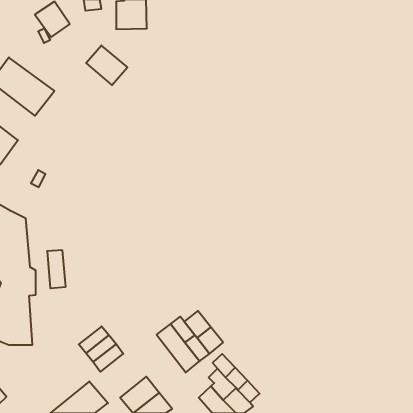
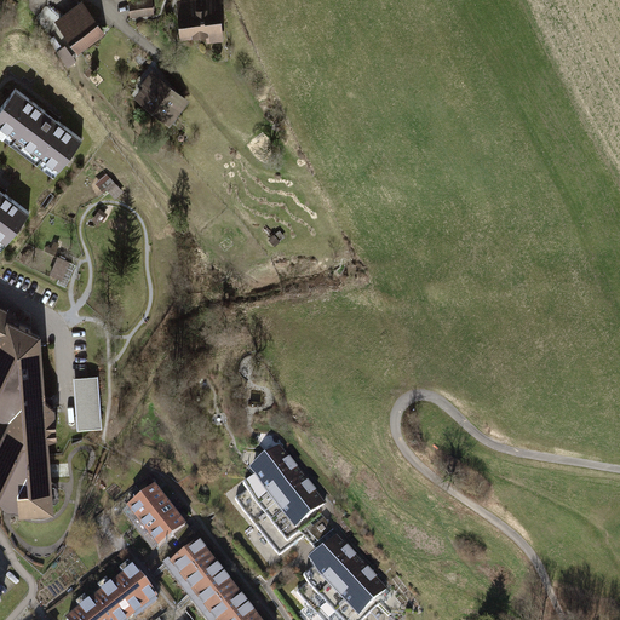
building: none -> [254,440,295,481]
building: none -> [160,540,218,595]

